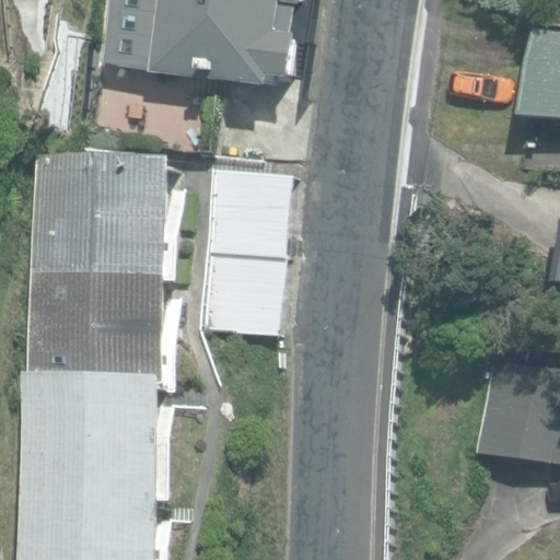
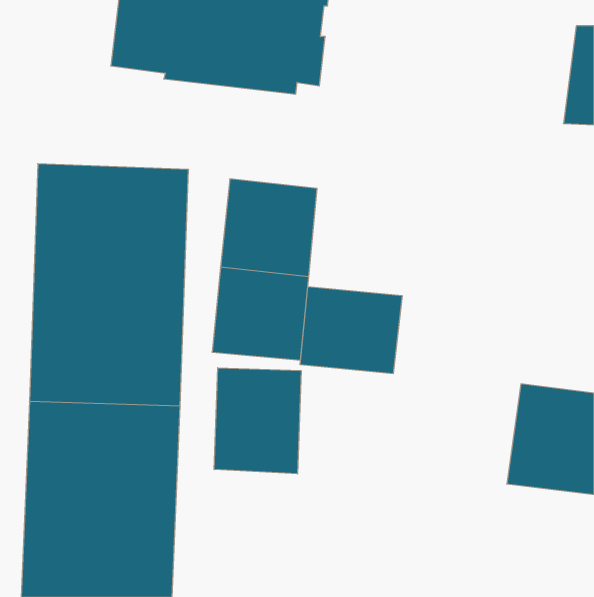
building: none -> [300,286,402,374]
building: none -> [214,368,301,474]

